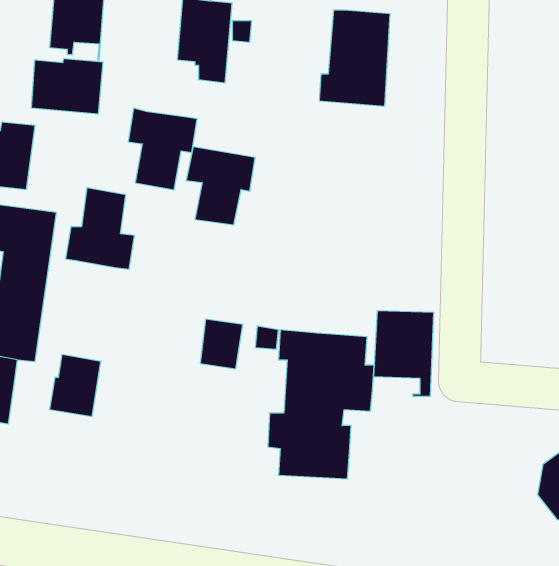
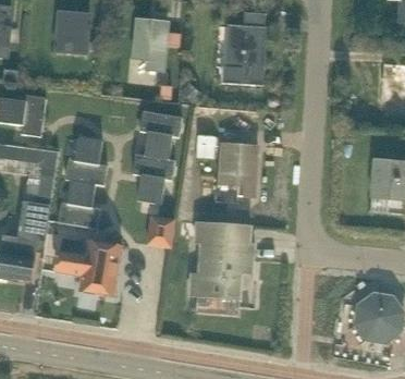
building: [32,58,103,114] -> none
building: [128,108,197,190] -> [132,152,174,203]
building: none -> [57,180,99,228]
building: [374,311,434,396] -> [219,144,256,196]
building: none -> [78,241,121,295]

